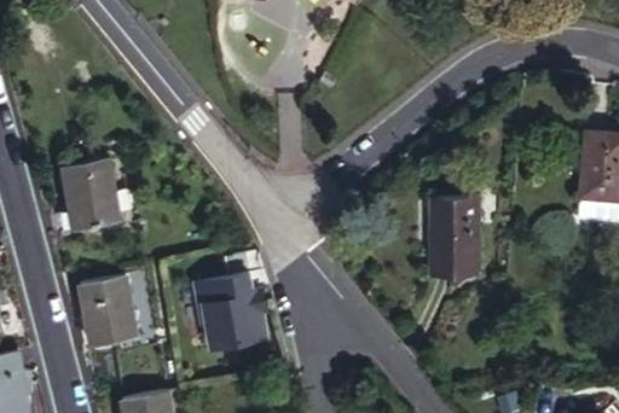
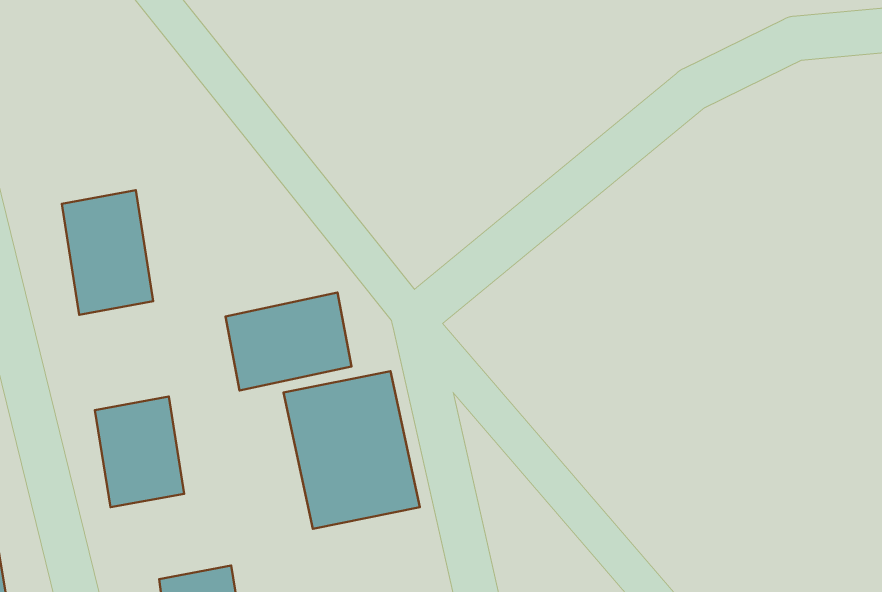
building: [440,187,492,264] -> none
building: none -> [226,292,351,390]

